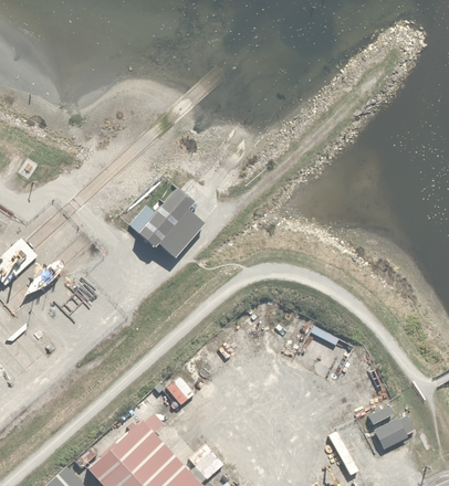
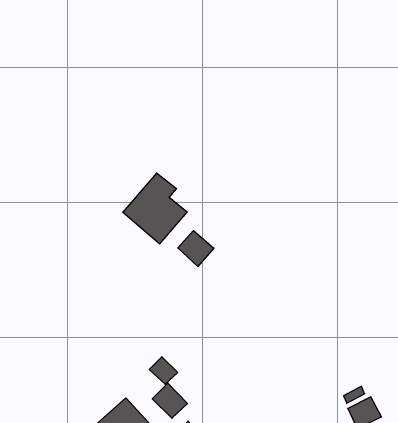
building: none -> [178,231,214,266]
building: none -> [152,383,187,418]

